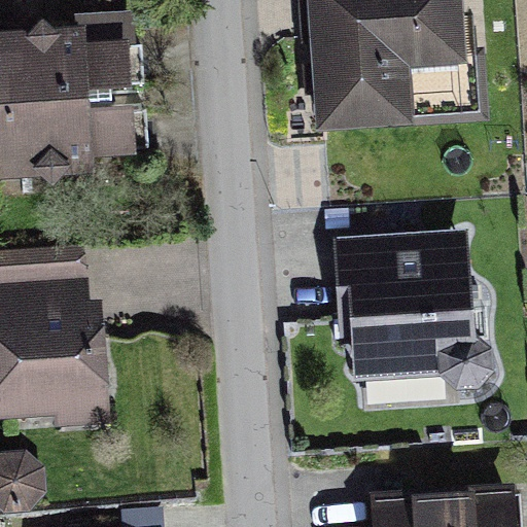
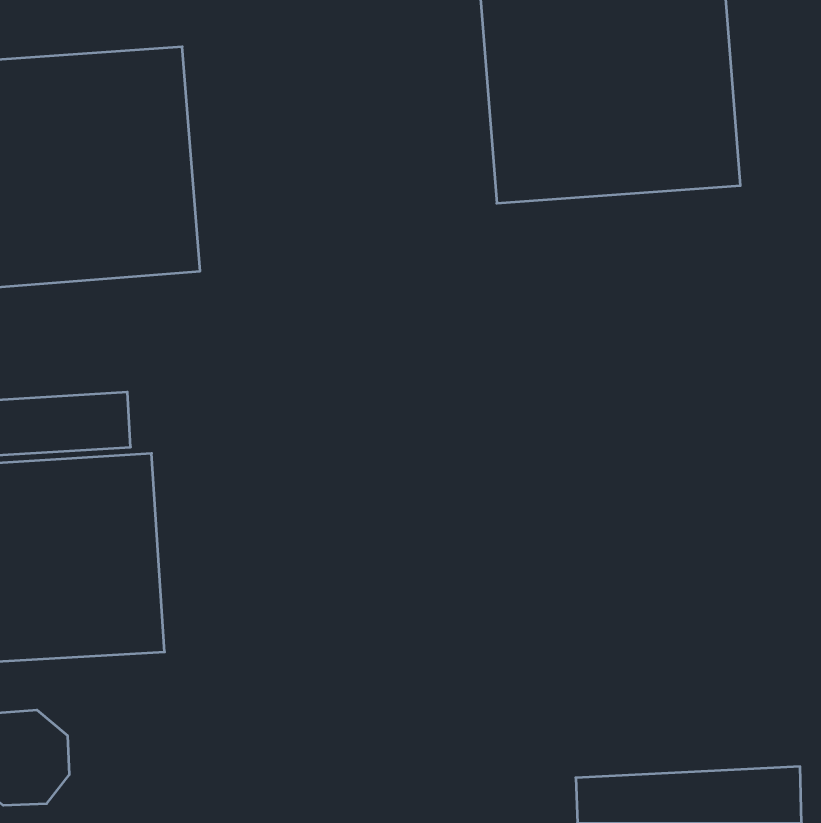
building: [341,234,473,380] -> none

